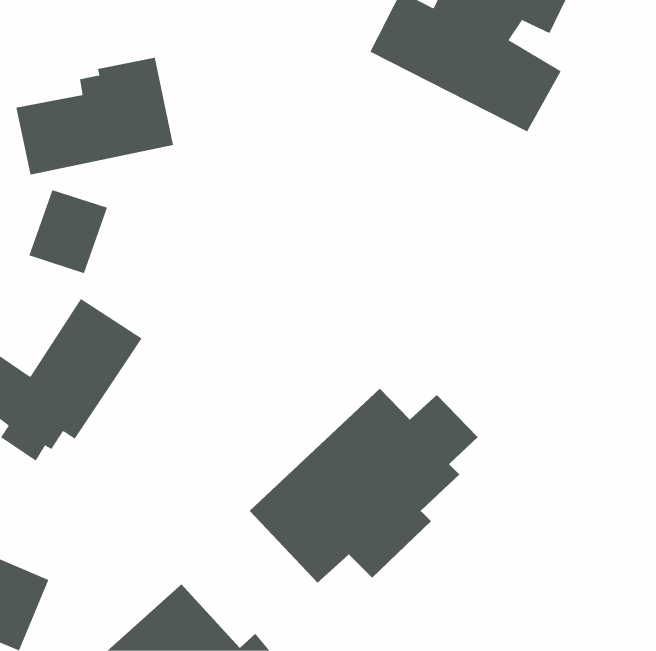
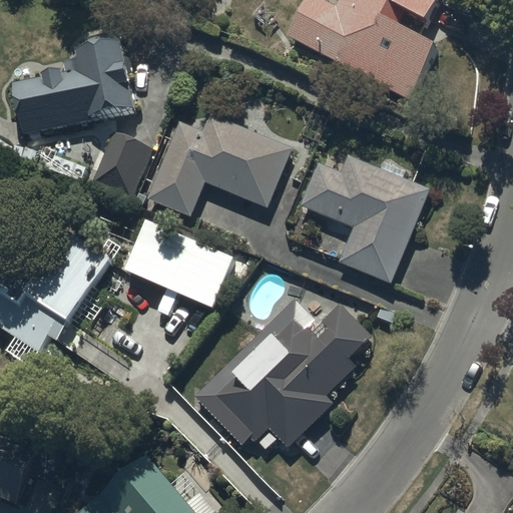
building: none -> [149,113,291,214]
building: [29,189,108,274] -> [90,131,151,196]
building: none -> [299,155,428,285]
building: none -> [124,220,230,304]

